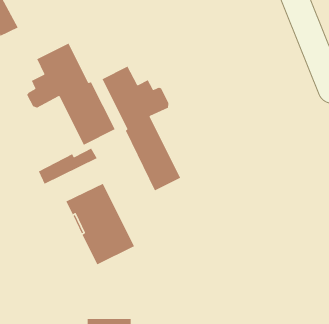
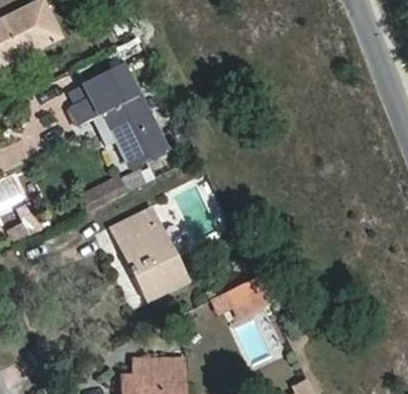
building: [102,65,181,191] -> none
building: none -> [208,276,270,319]

